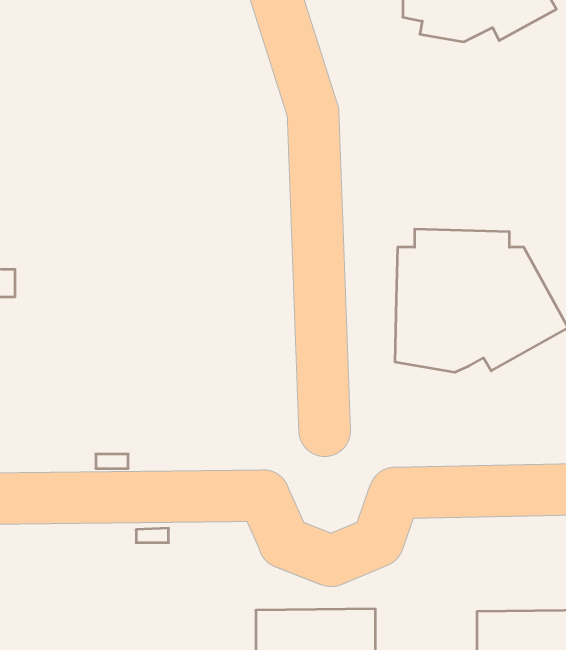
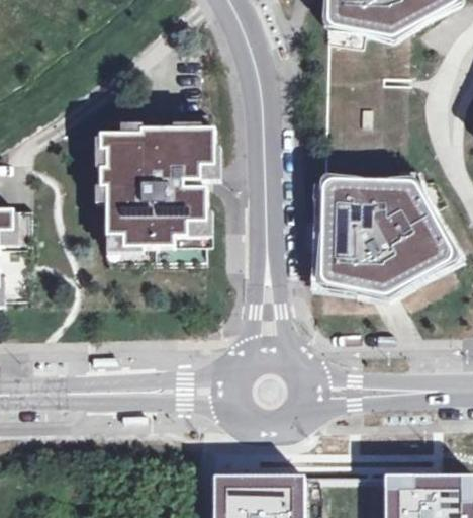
building: none -> [99,115,214,249]

